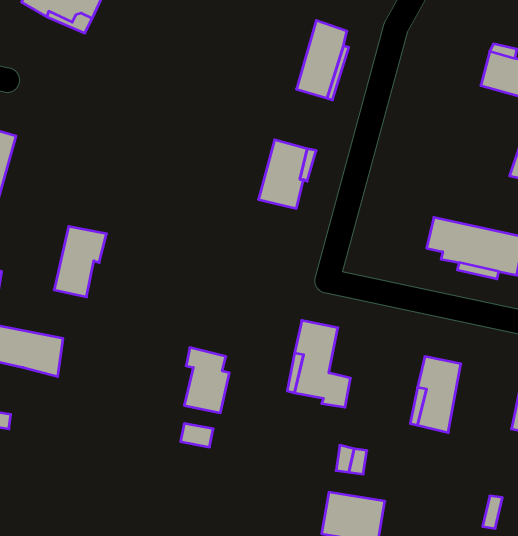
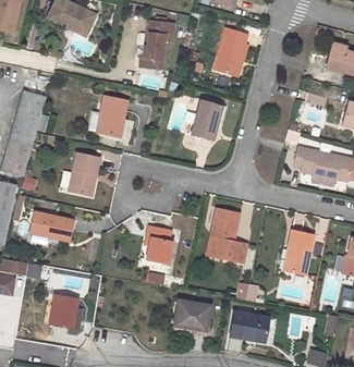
building: none -> [143,22,172,69]
building: none -> [96,95,127,135]
building: none -> [49,294,77,328]
building: none -> [173,299,209,330]

